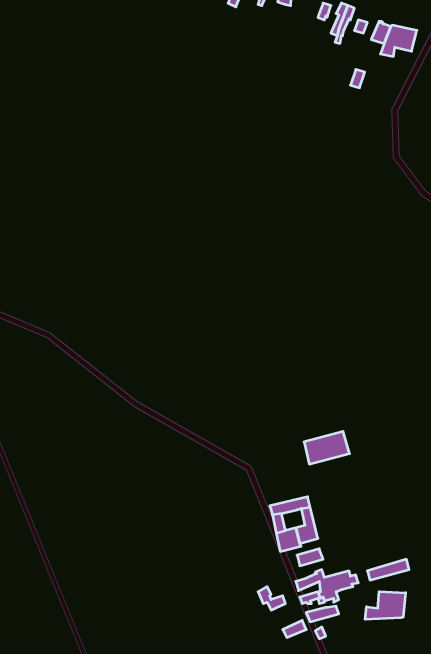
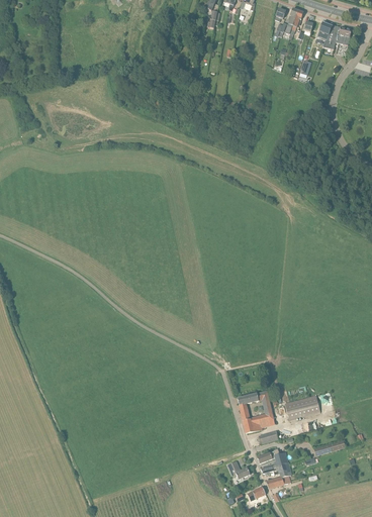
building: [304,431,350,464] -> [284,395,319,420]
building: [365,592,406,619] -> none

